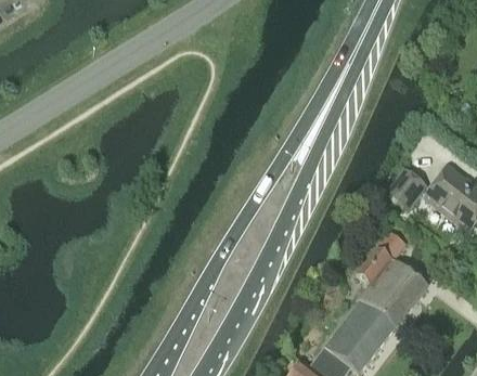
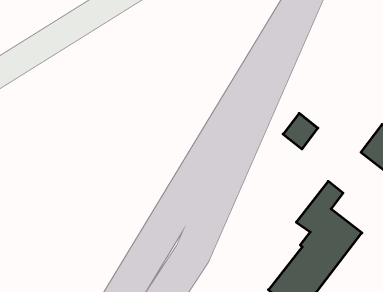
building: [388,169,426,208] -> [283,113,318,149]

